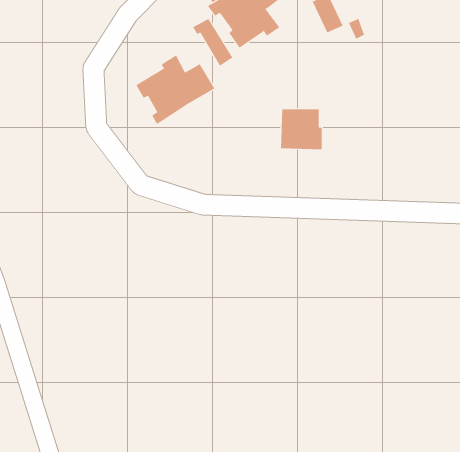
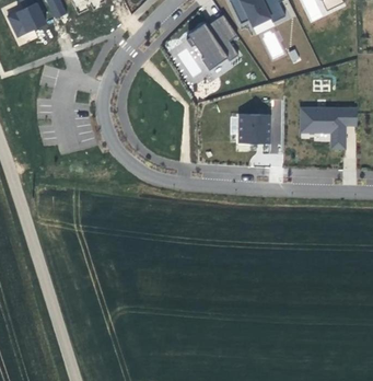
building: [136,55,215,125] -> none
building: none -> [301,108,357,148]

